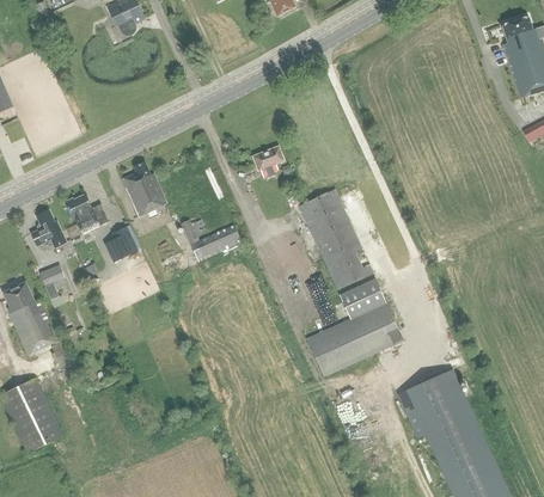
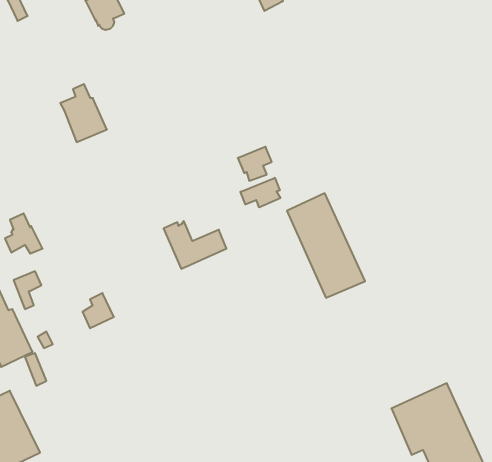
building: [122,160,166,215] -> [60,84,107,142]
building: none -> [240,178,280,207]
building: [67,192,109,228] -> none
building: [106,226,136,259] -> [82,293,114,328]
building: [306,277,404,376] -> none

